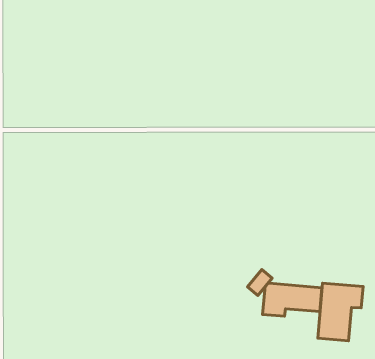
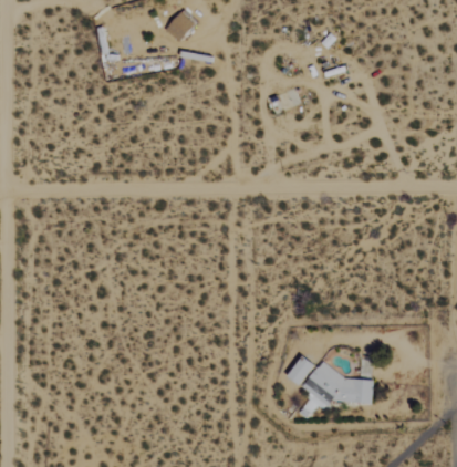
building: [318,283,363,341] -> none

